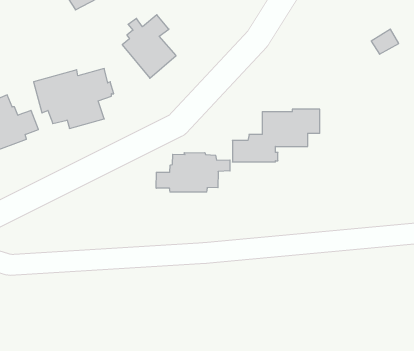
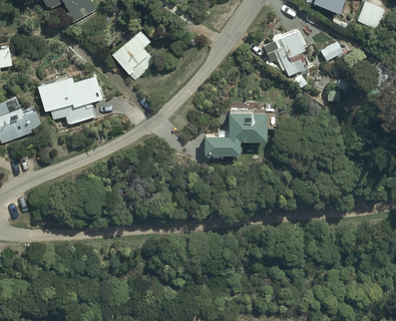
building: none -> [262,29,307,76]
building: [156,153,230,192] -> none

